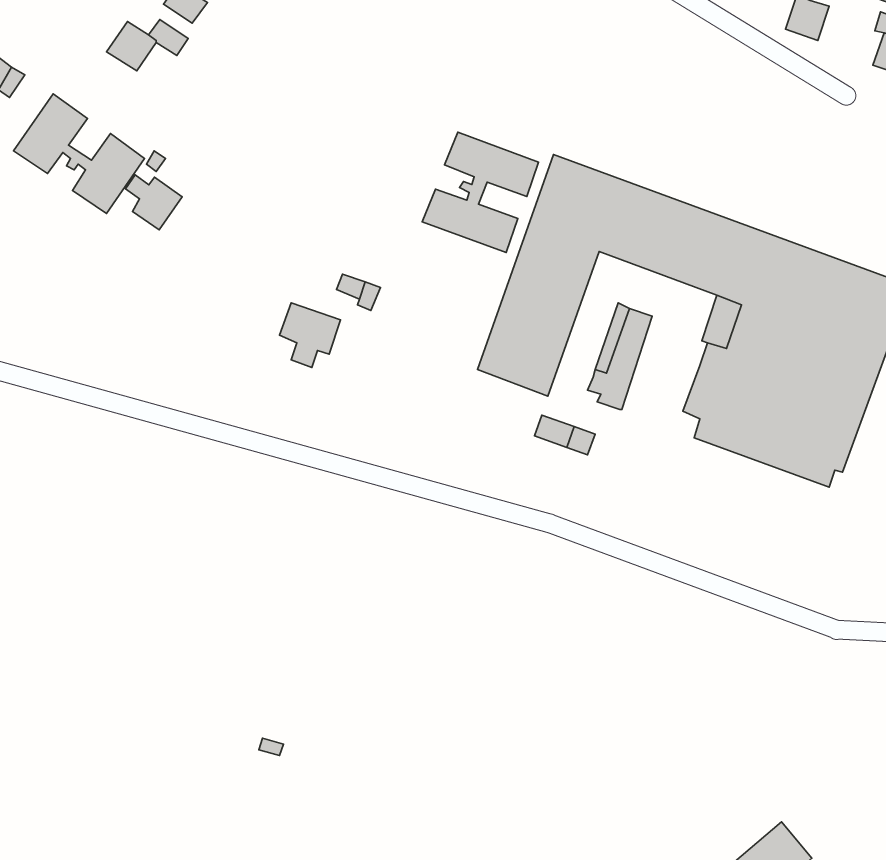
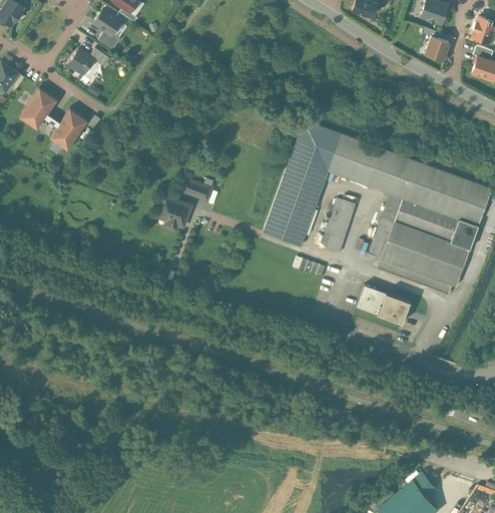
building: [422,132,539,253] -> none
building: [126,175,182,230] -> none
building: none -> [357,285,410,323]

